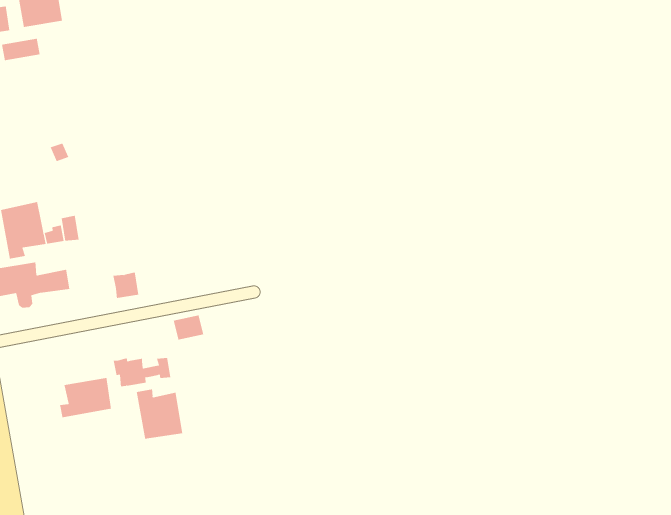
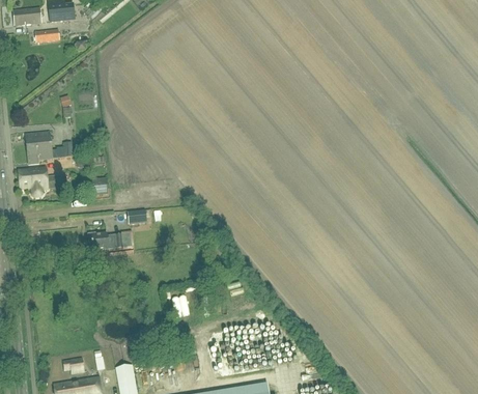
building: [60,377,112,418] -> none
building: [136,389,183,440] -> none

